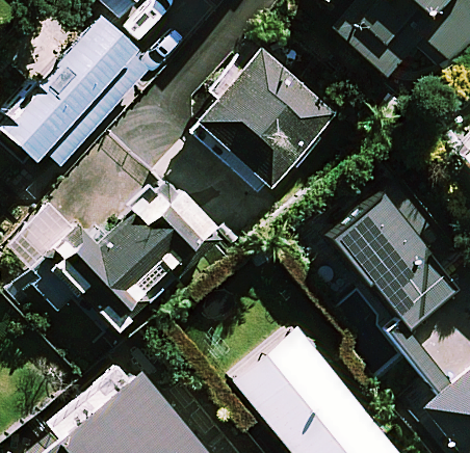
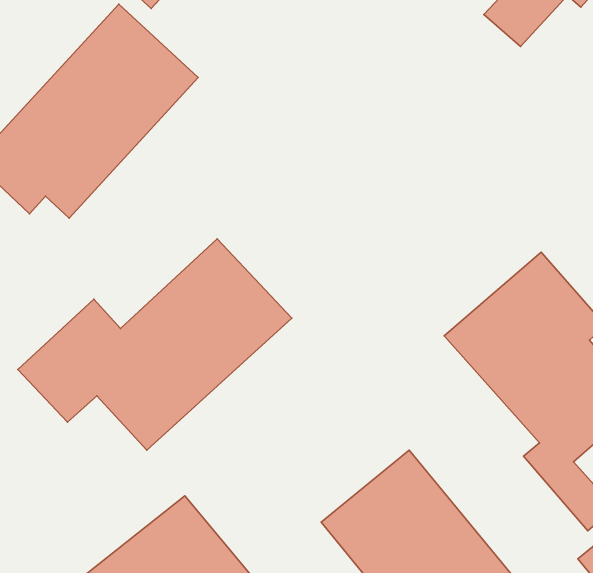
building: [197,49,336,188] -> none

